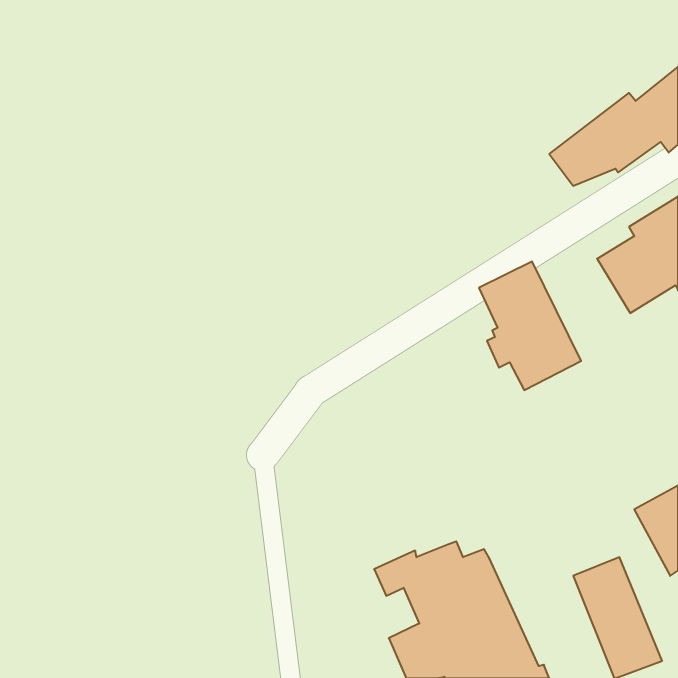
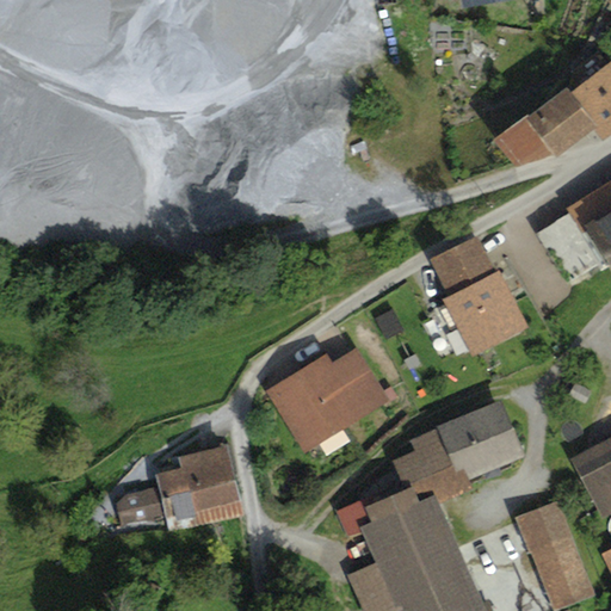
building: none -> [264,347,389,452]
building: none -> [393,400,525,502]
building: none -> [116,445,242,531]

